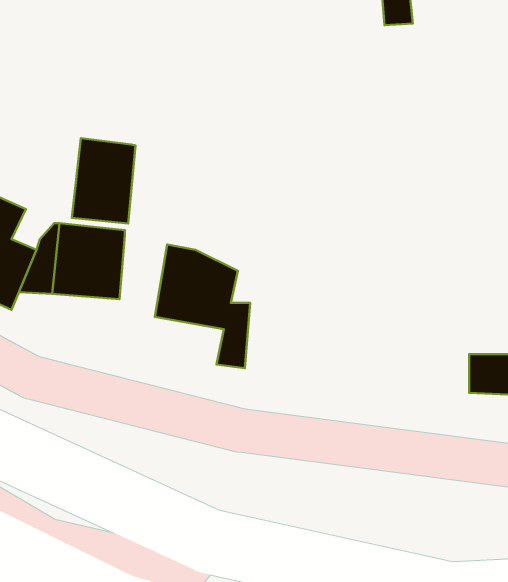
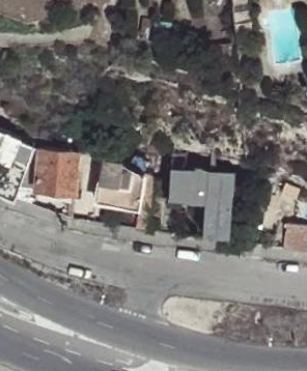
building: [72,138,135,224] -> none
building: none -> [167,170,239,233]

